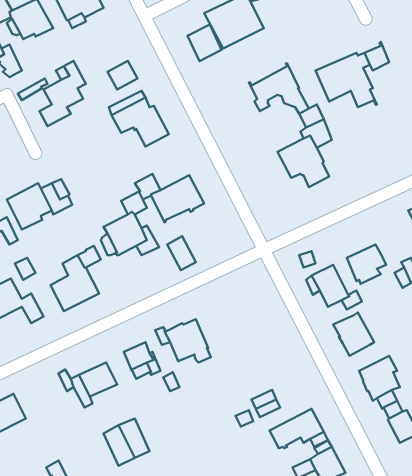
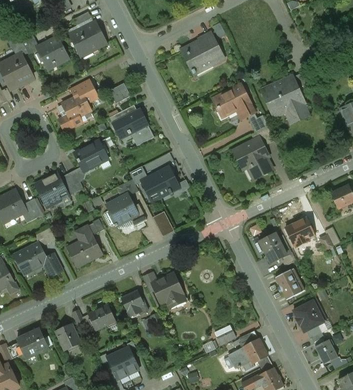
building: [188,25,222,61] -> none
building: none -> [74,140,107,170]
building: none -> [53,321,79,349]

